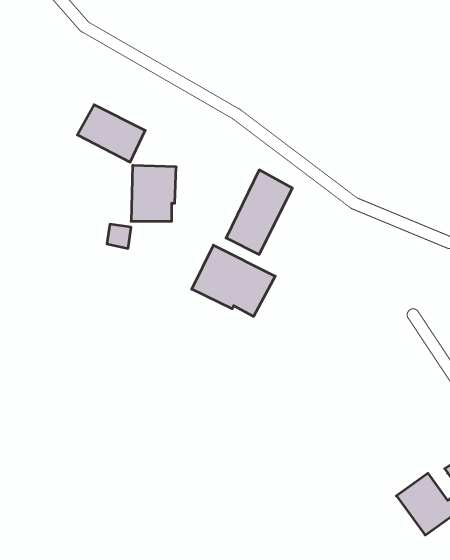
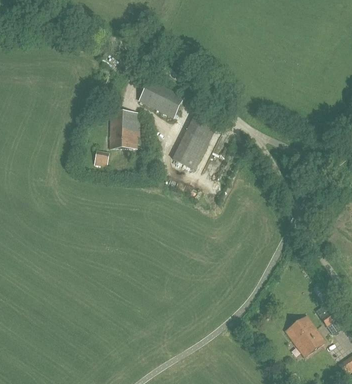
building: [77,105,145,162] -> [138,79,183,117]
building: [192,245,275,316] -> none

